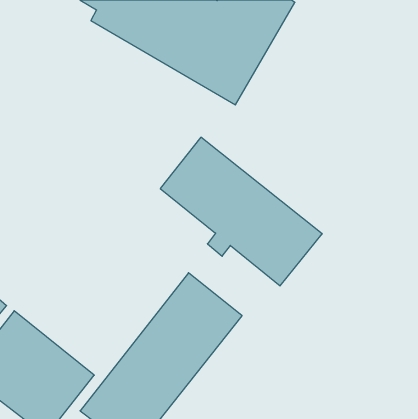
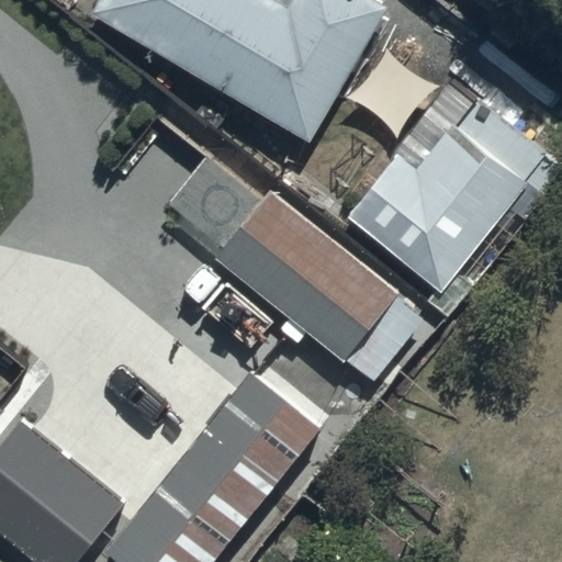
building: none -> [342,97,543,292]

